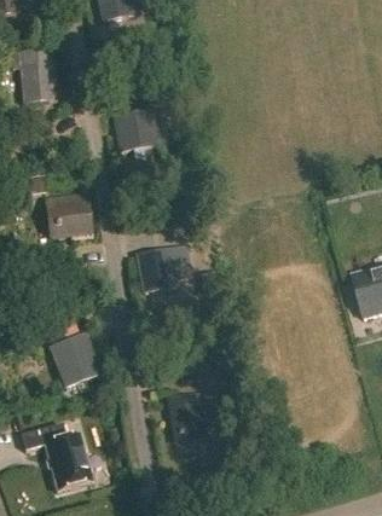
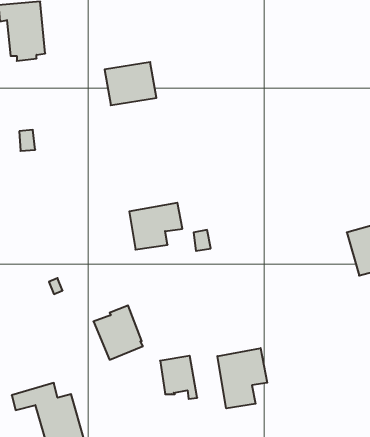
building: [45,192,91,236] -> none
building: [50,332,98,385] -> [93,305,143,360]
building: none -> [217,348,267,408]

